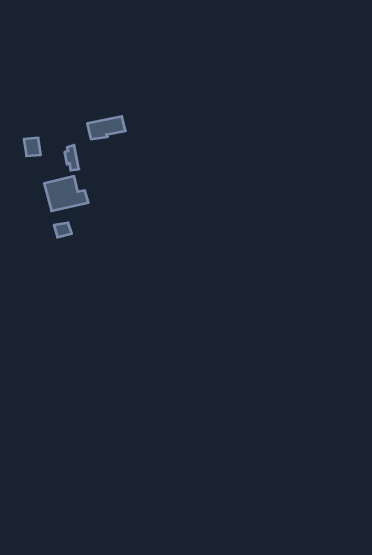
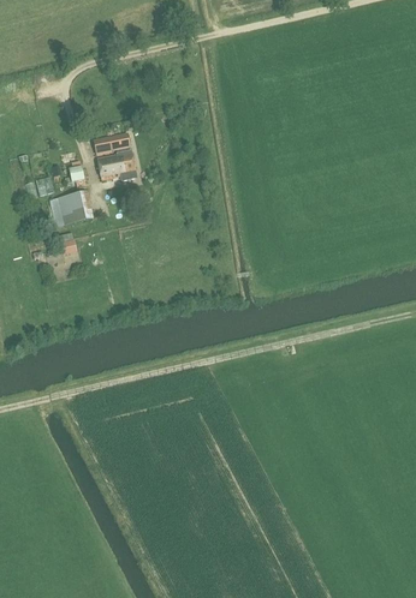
building: none -> [97,150,137,180]

